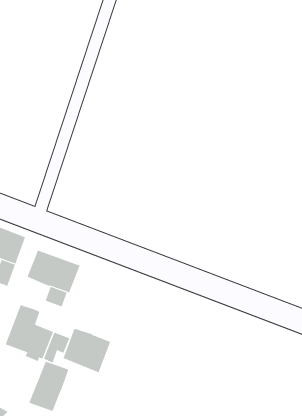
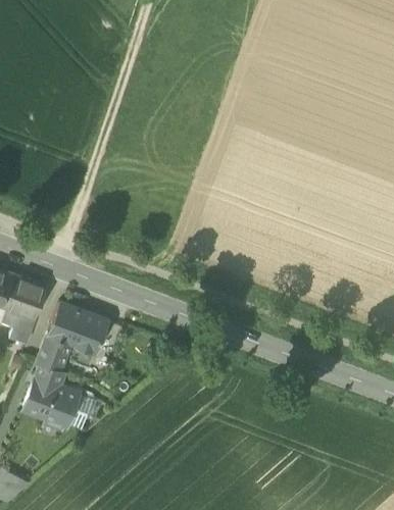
building: none -> [37,333,70,369]
building: [63,328,111,373] -> none
building: [29,361,69,412] -> none

